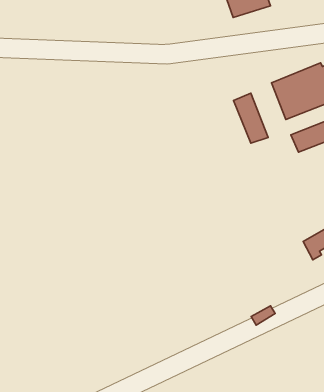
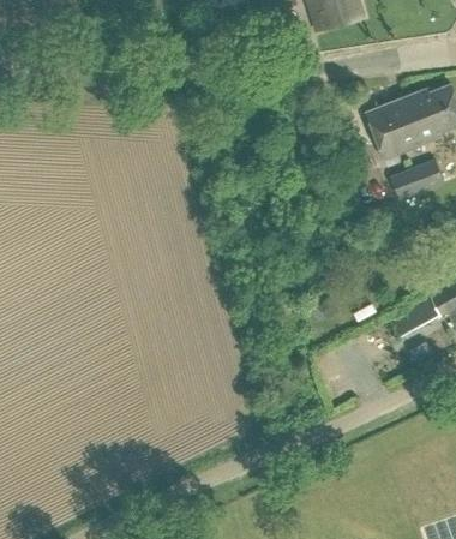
building: [233,93,268,143] -> none

